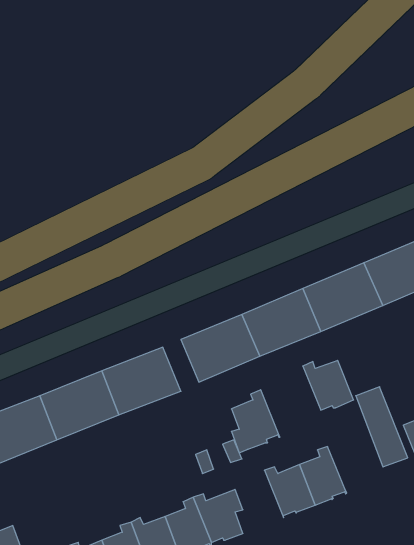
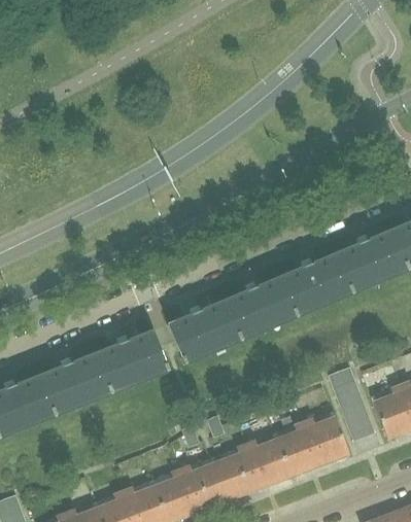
building: [303,360,354,410] -> [303,416,349,461]
building: [231,390,280,453] -> [218,443,263,500]

